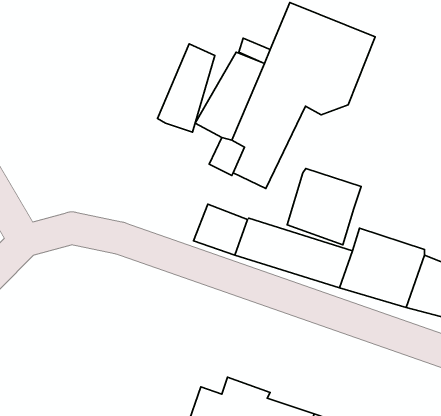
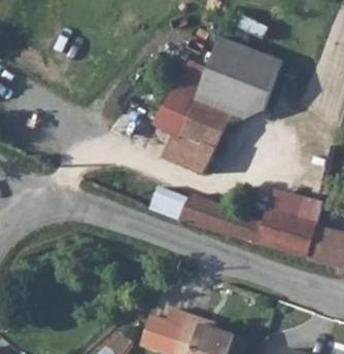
building: [157,44,215,132] -> none
building: [287,168,361,245] -> none

